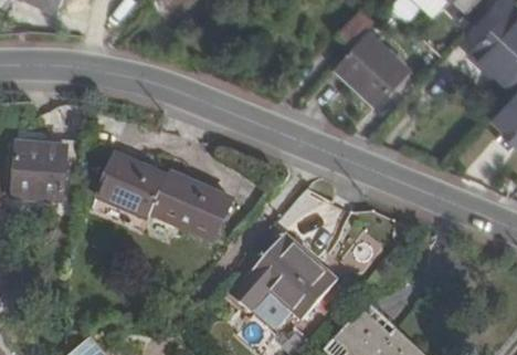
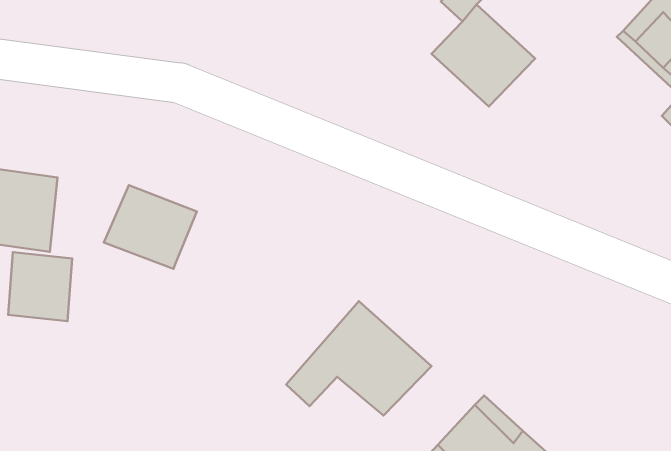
building: [148,171,230,239] -> none
building: none -> [8,252,72,321]

